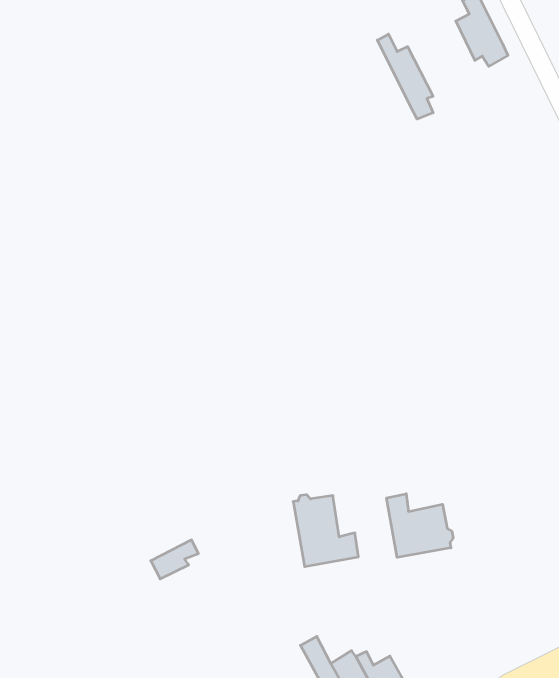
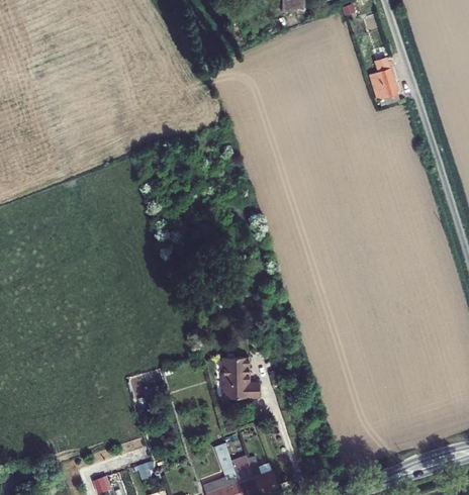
building: [377,34,433,119] -> none
building: [387,494,453,557] -> none

